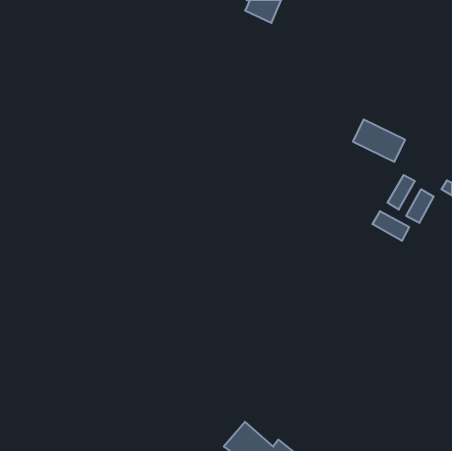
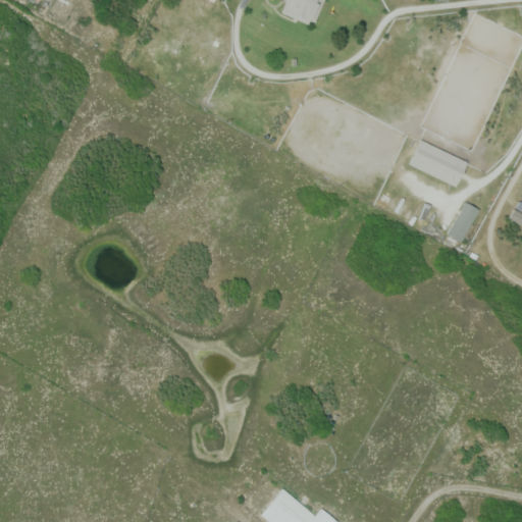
building: [406,189,434,223] -> none
building: [372,211,409,241] -> none

